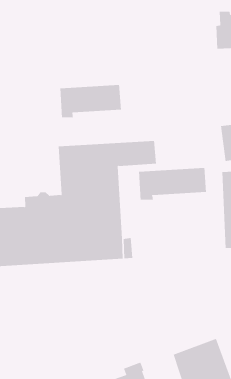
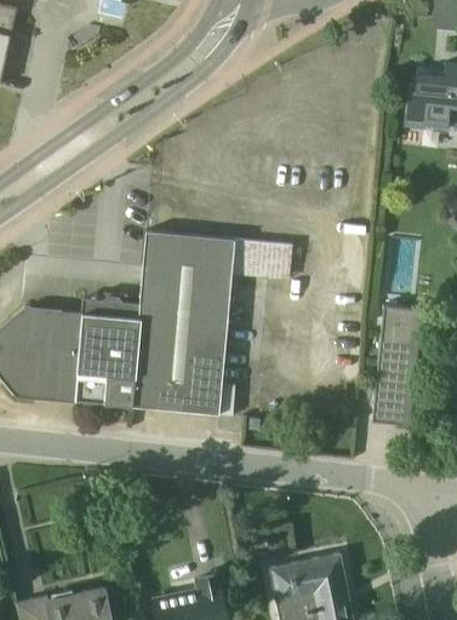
building: [60,84,121,118] -> none
building: [138,167,206,201] -> none

